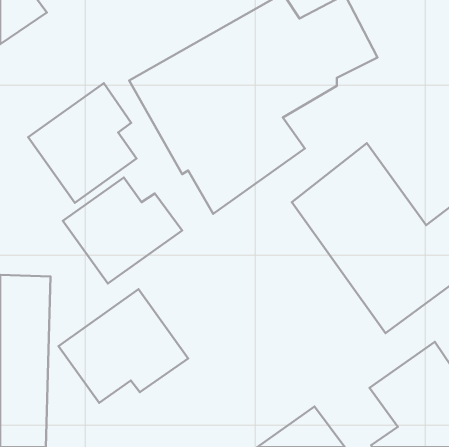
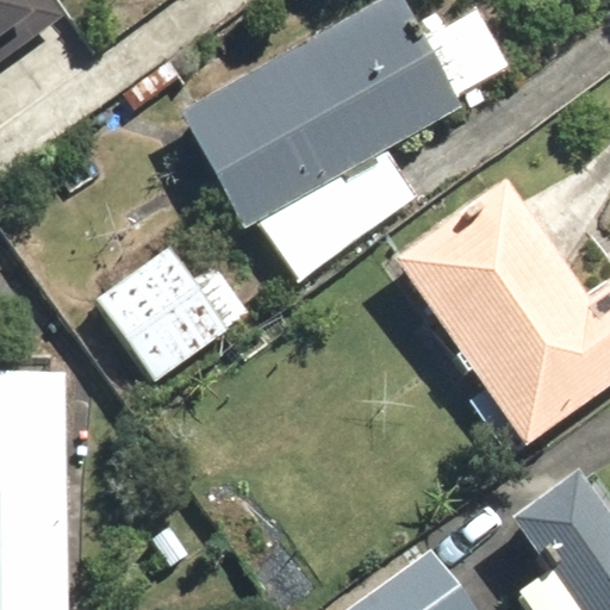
building: [28,83,137,203] -> none
building: [58,289,188,403] -> none

